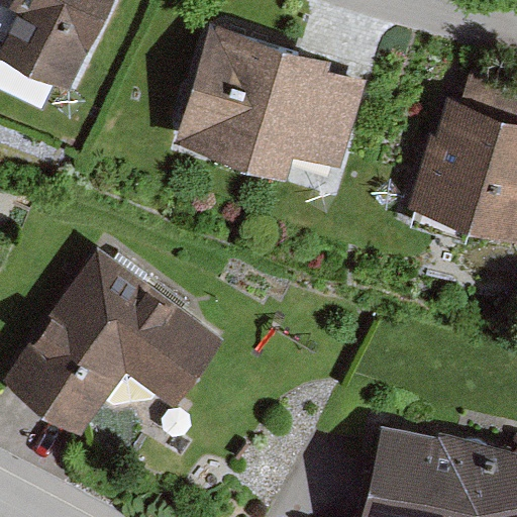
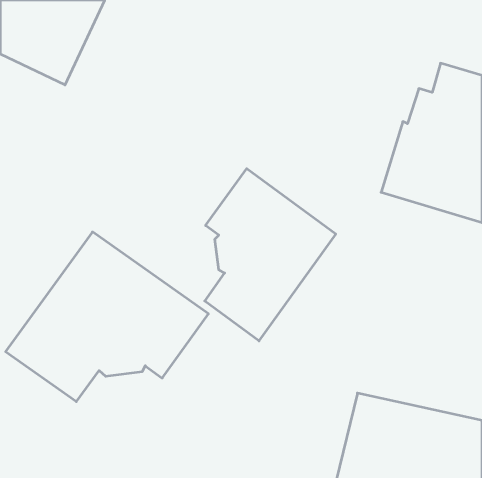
building: [175,25,370,178] -> none
building: none -> [205,169,336,341]

